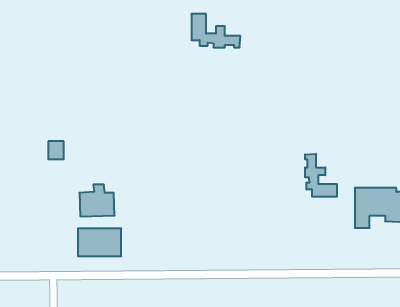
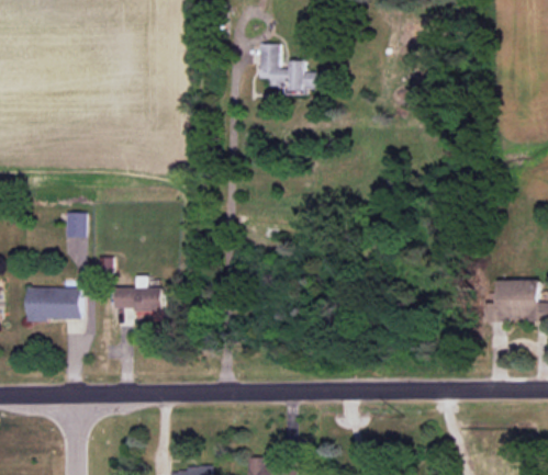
building: [305,154,337,197] -> none
building: [78,228,121,256] -> [22,283,80,320]

